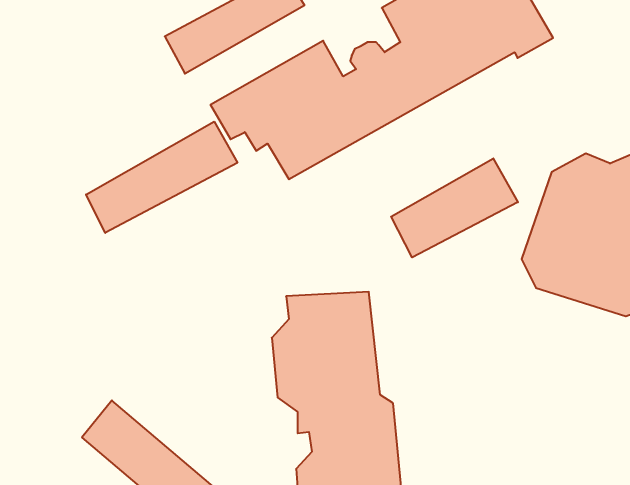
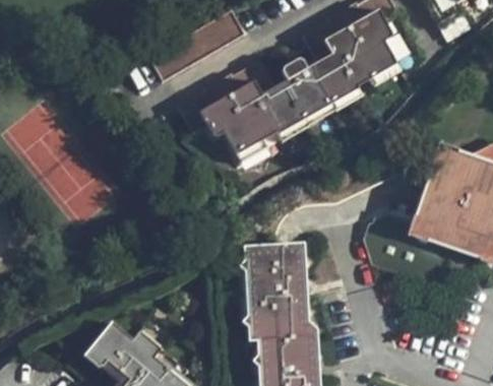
building: [86,122,237,233] -> none
building: [391,158,518,257] -> none

